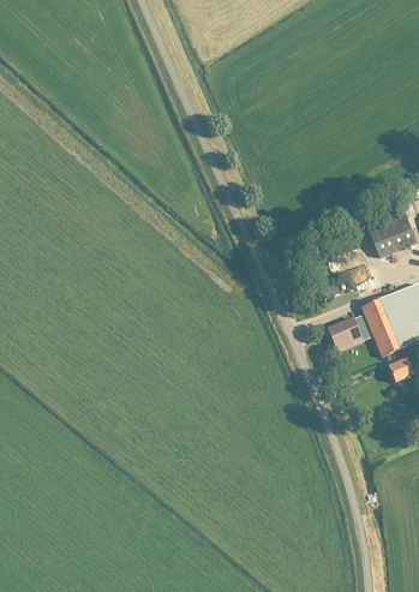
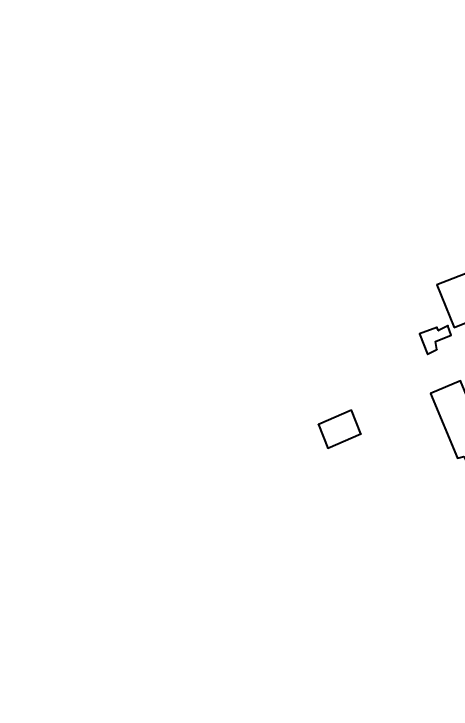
building: [328,316,360,345] -> [318,410,361,448]

